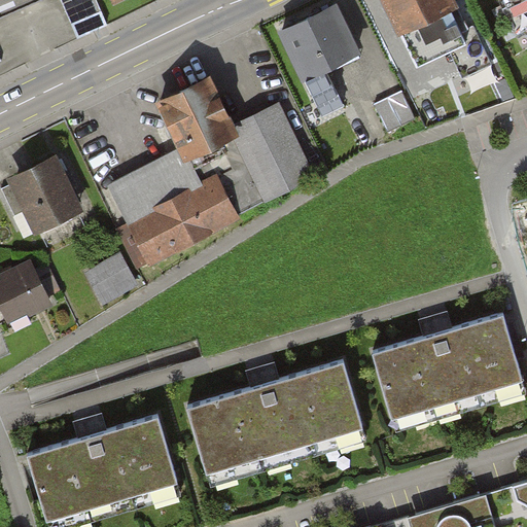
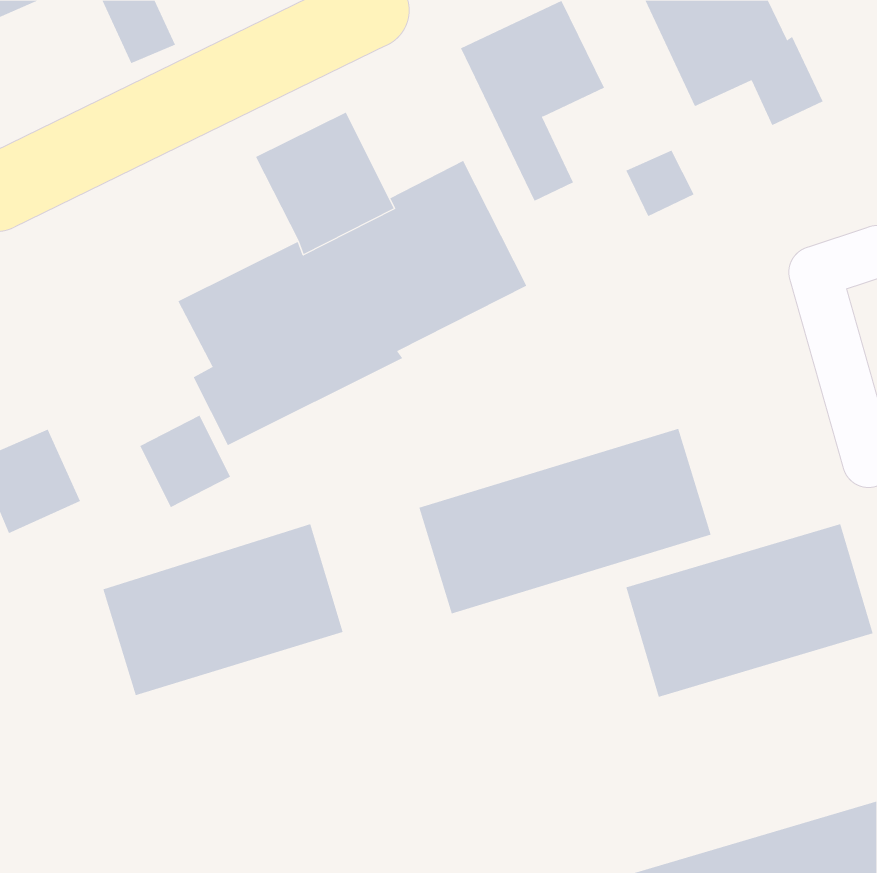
building: [4,151,82,231] -> none
building: [187,363,362,475] -> [419,428,711,614]
building: [33,418,177,521] -> [102,524,344,696]

